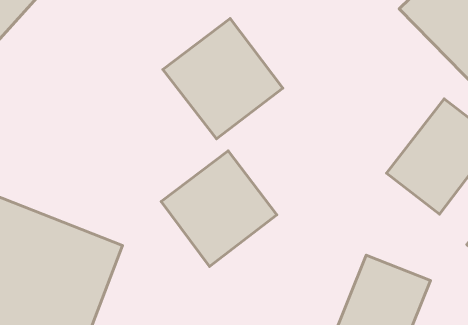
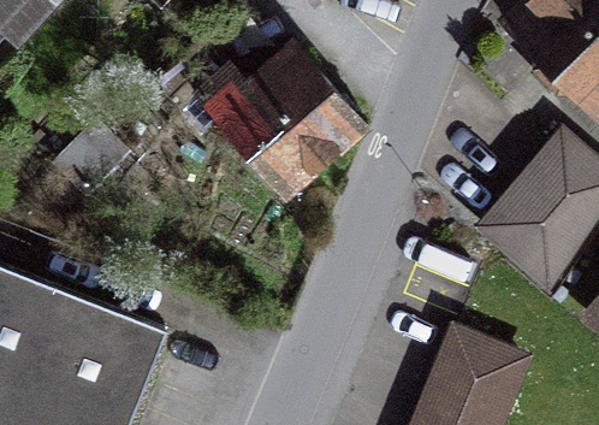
building: [161,151,277,266] -> none

